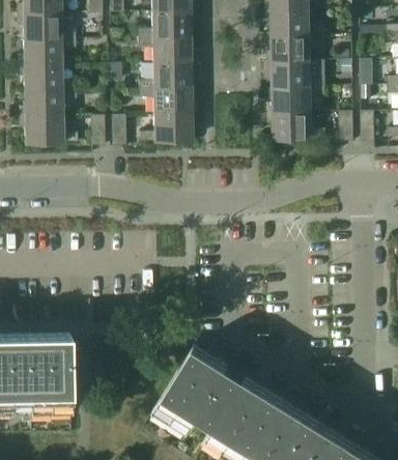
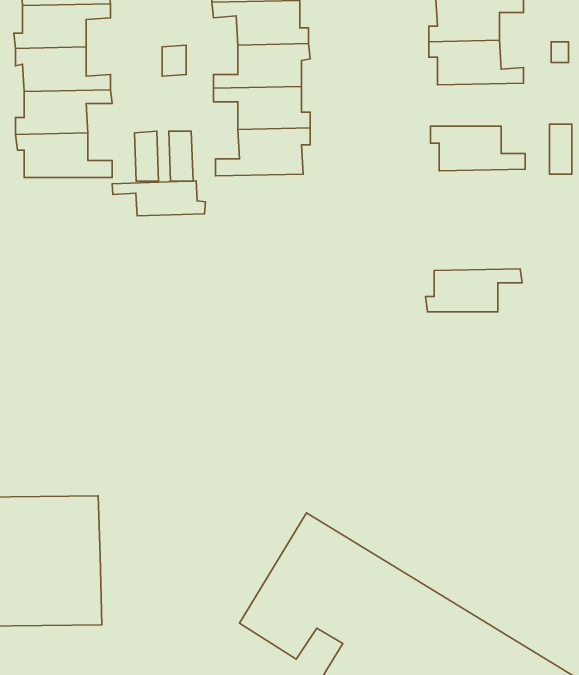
building: [267,86,325,112] -> [426,269,522,312]
building: none -> [112,181,205,216]

